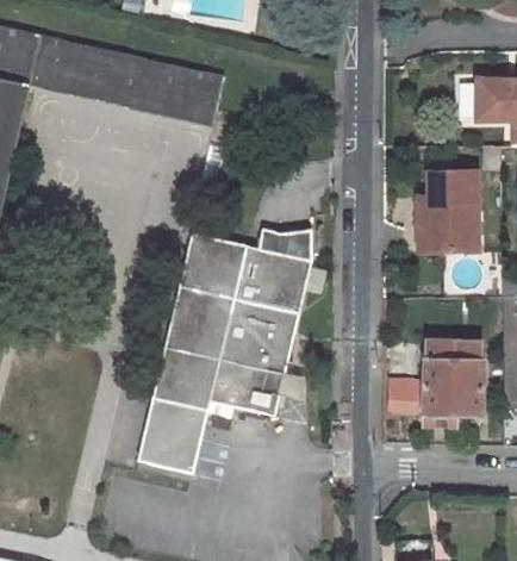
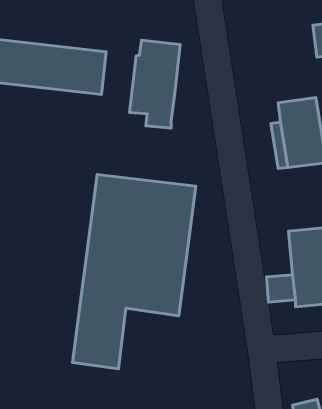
building: none -> [129,40,180,128]

